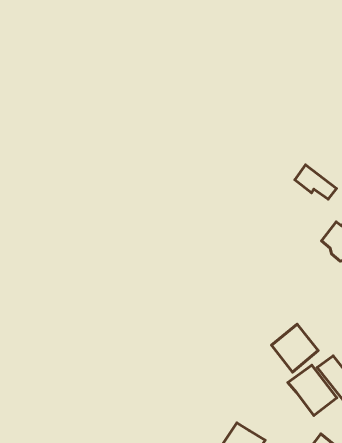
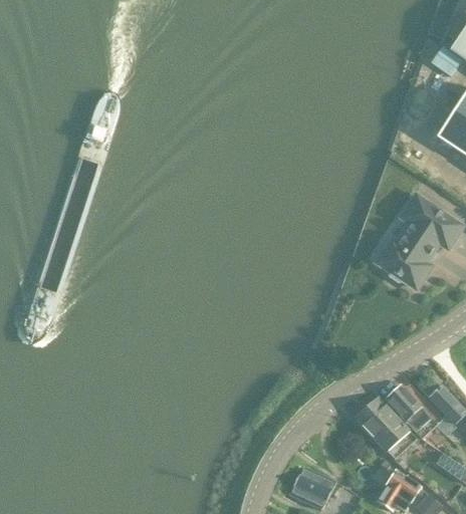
building: [295,165,337,199] -> none
building: [272,324,318,372] -> none

